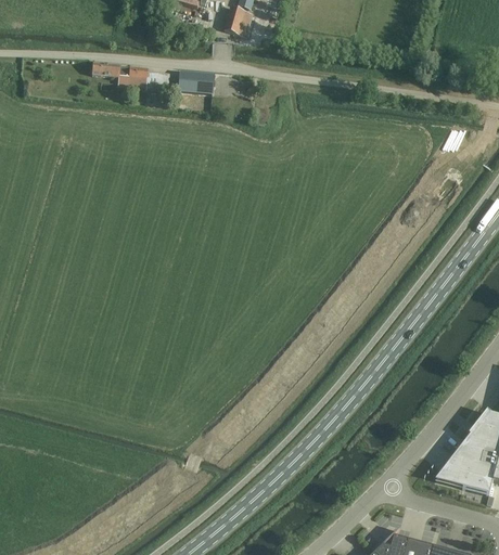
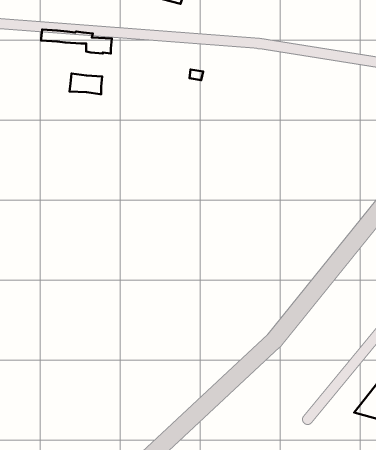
building: [177,72,213,94] -> [70,73,102,94]

